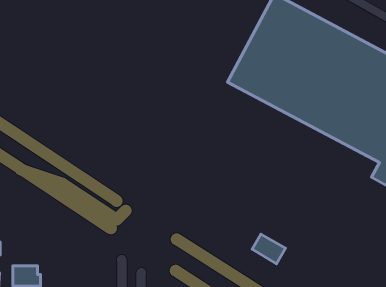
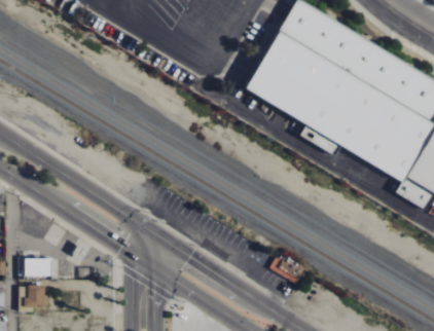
building: none -> [24,257,52,275]

